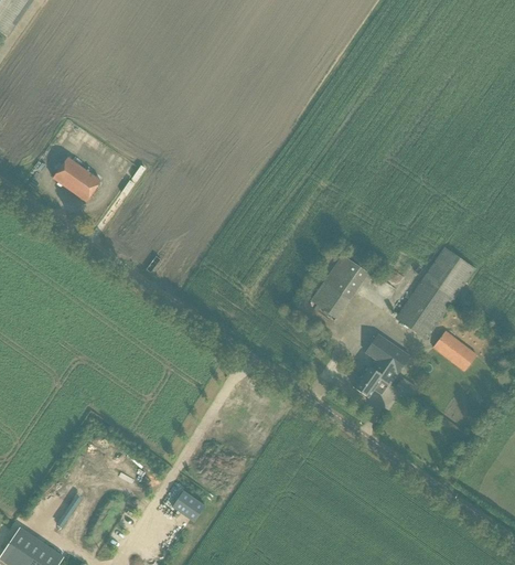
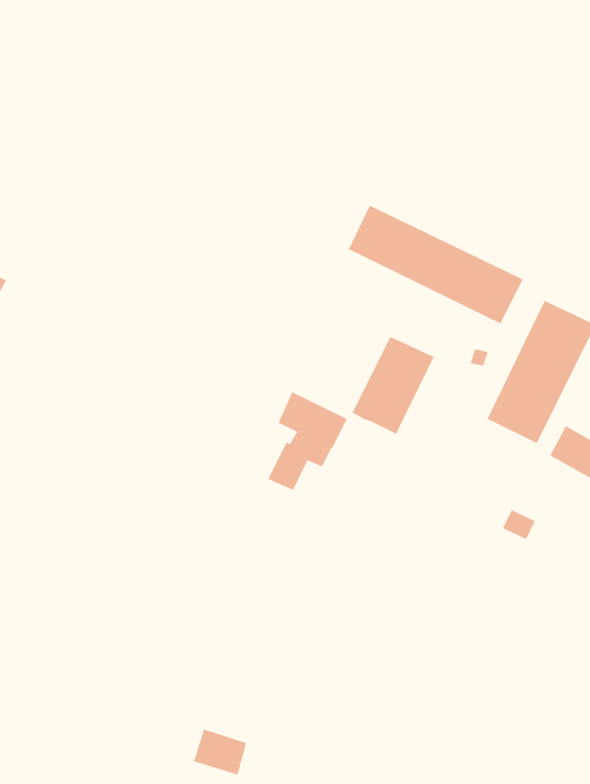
building: none -> [348,205,524,324]
building: [353,333,410,397] -> [268,391,348,491]

